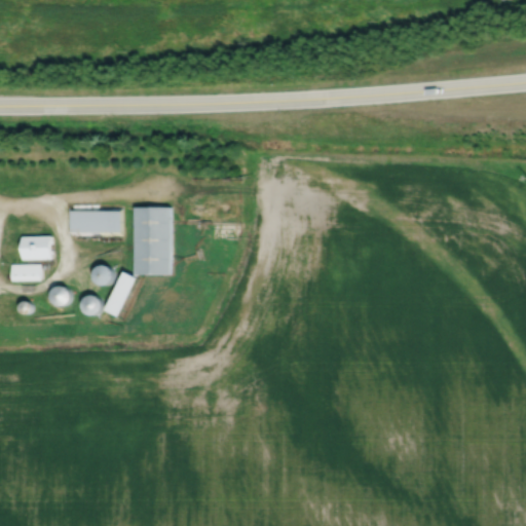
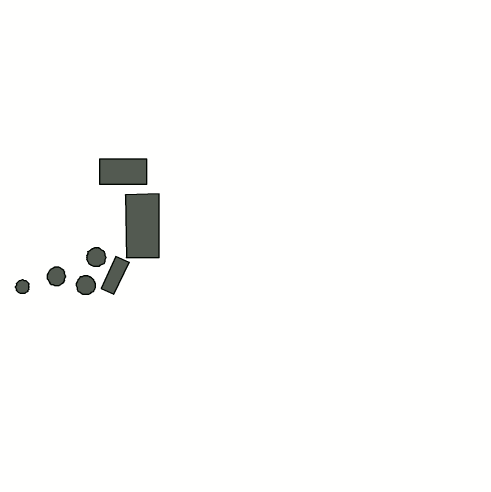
building: [70,208,120,234] -> [100,159,147,184]
building: [21,236,50,260] -> none
building: [9,264,39,281] -> none

